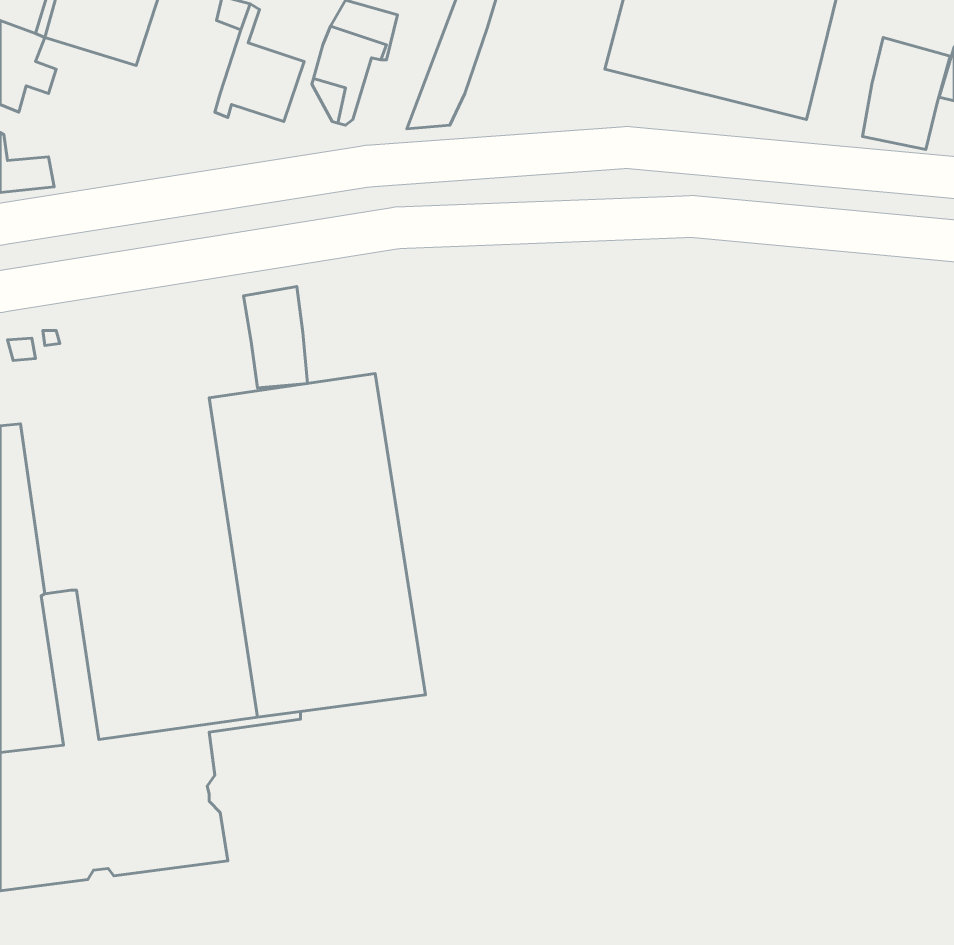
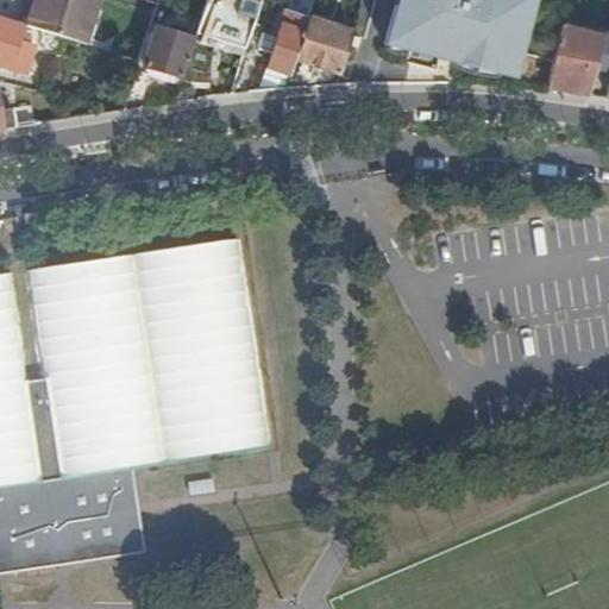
building: none -> [296,18,354,74]
building: [243,286,308,388] -> none
building: none -> [31,253,164,471]

